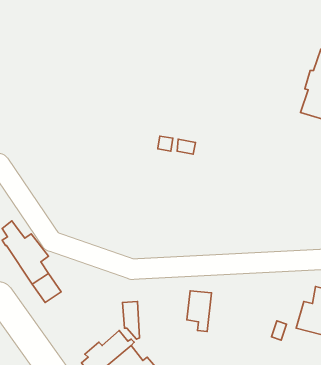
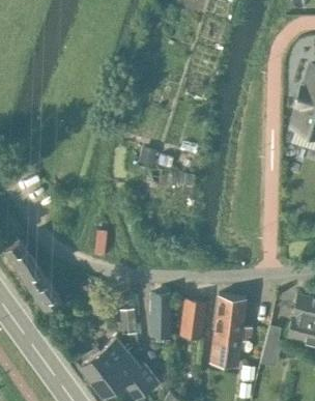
building: none -> [150,295,170,337]
building: none -> [210,295,252,366]

